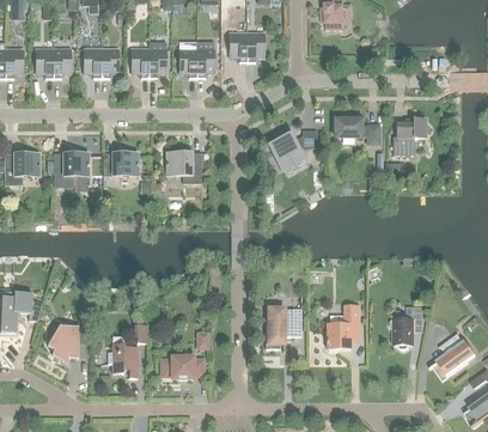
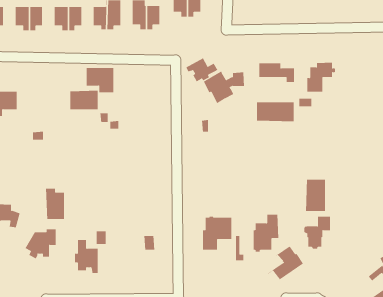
building: none -> [185,57,218,82]
building: [167,152,202,183] -> [86,68,114,93]
building: [54,153,89,185] -> none
building: none -> [256,102,294,122]
building: none -> [306,179,326,212]
building: none -> [45,188,64,220]
building: [429,333,474,376] -> [268,245,304,280]
building: [163,357,203,377] -> none

